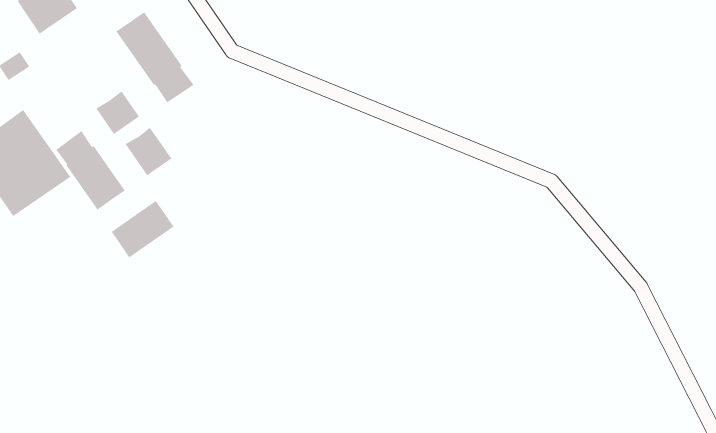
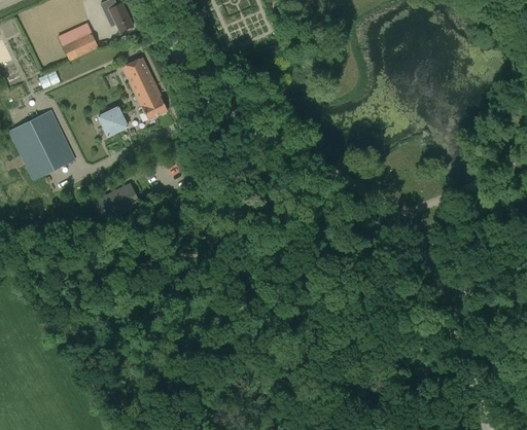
building: [125,127,172,176] -> none
building: [56,130,125,211] -> none

